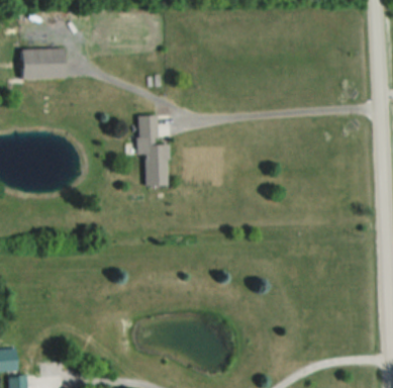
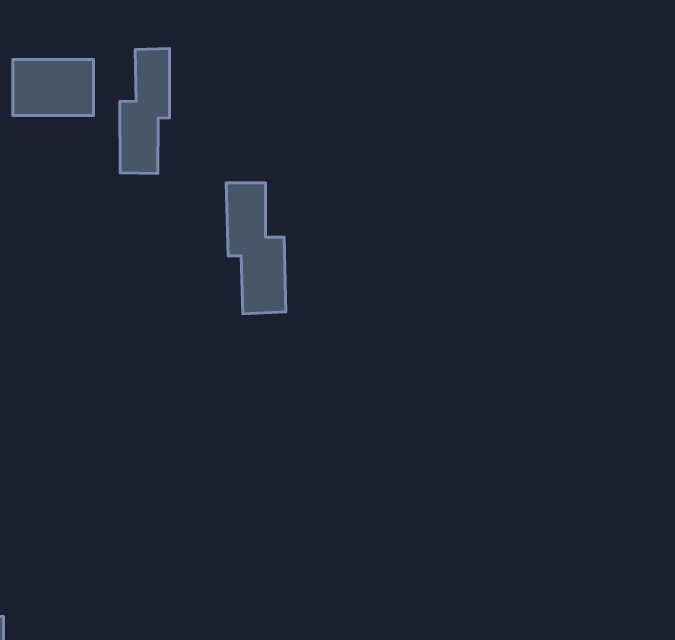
building: none -> [120,49,169,173]

